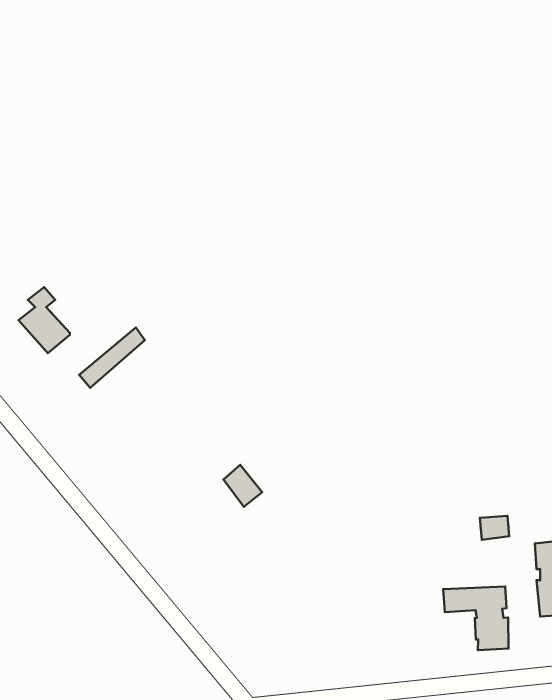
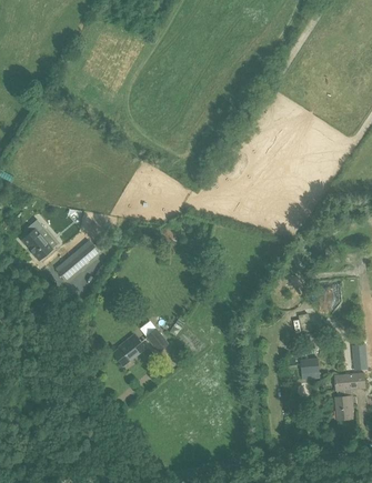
building: none -> [113,334,144,364]
building: [443,587,509,650] -> none

